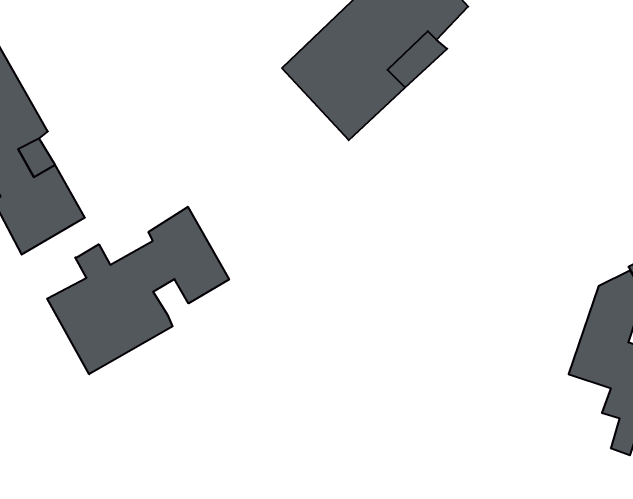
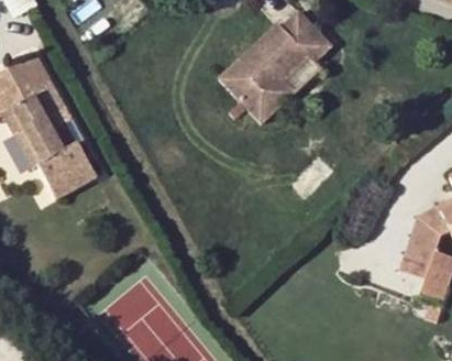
building: [47,207,229,374] -> none

